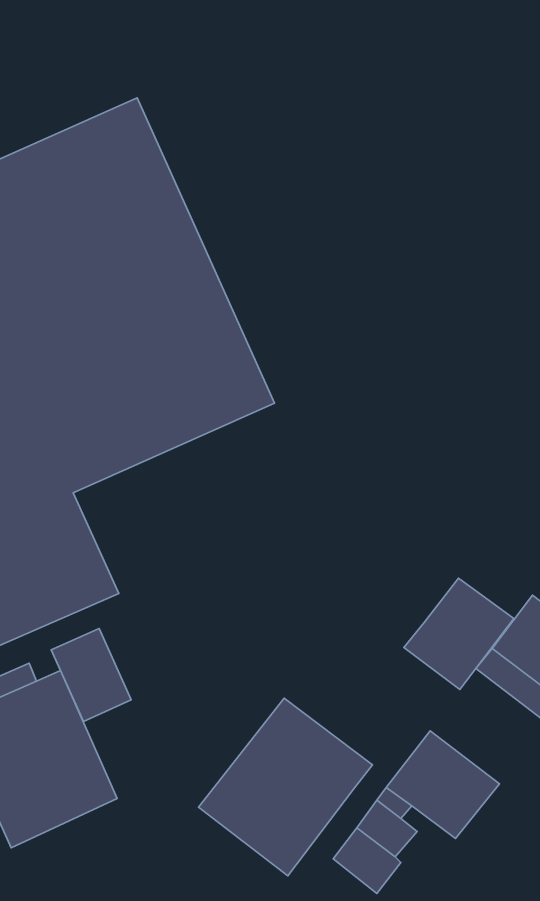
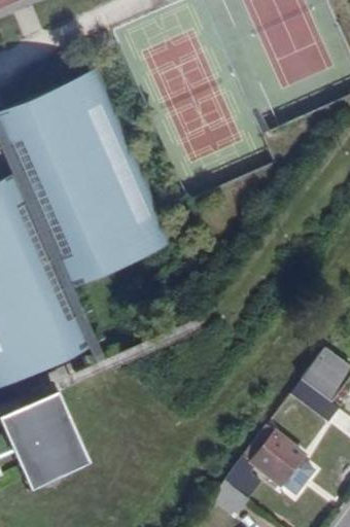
building: [404,578,514,689] -> none
building: [51,628,131,721] -> none
building: [199,698,373,876] -> none

